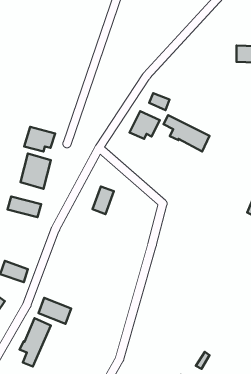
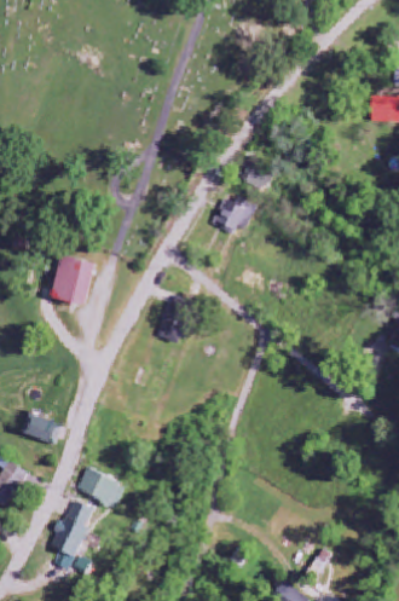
building: [163,115,210,151] -> none
building: [24,127,55,152] -> none
building: [7,197,41,217] -> none

